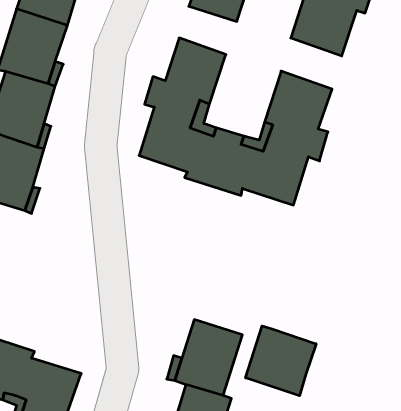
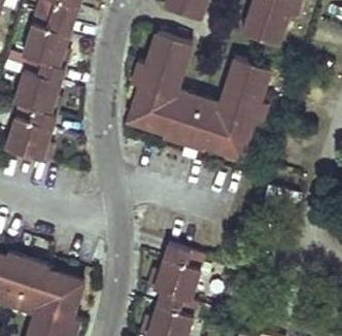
building: [246,326,316,396] -> none

